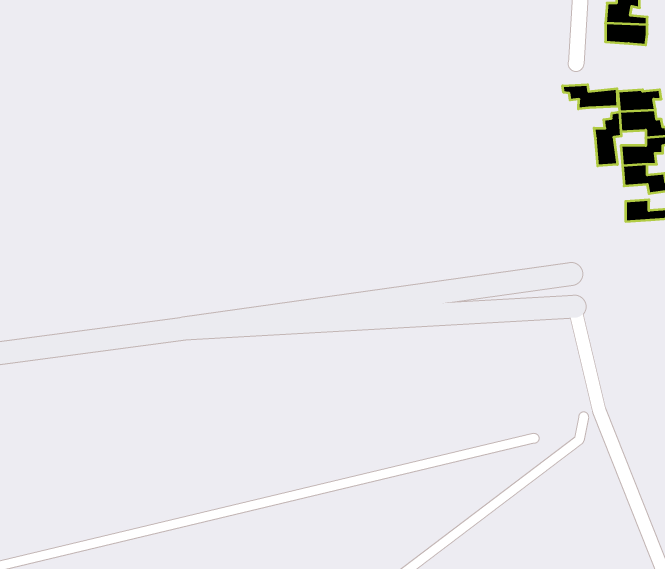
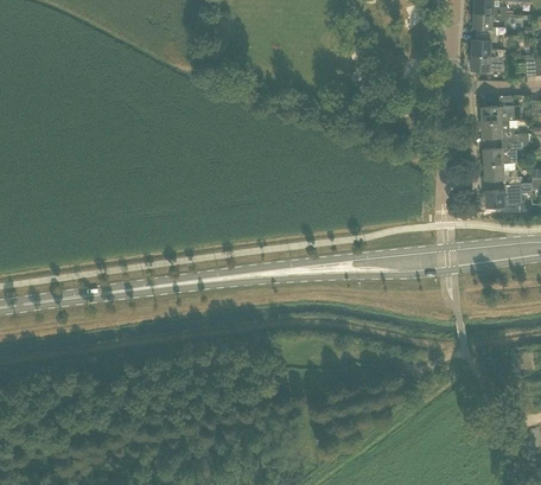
building: [563,85,618,109] -> none
building: [594,112,621,166] -> none

